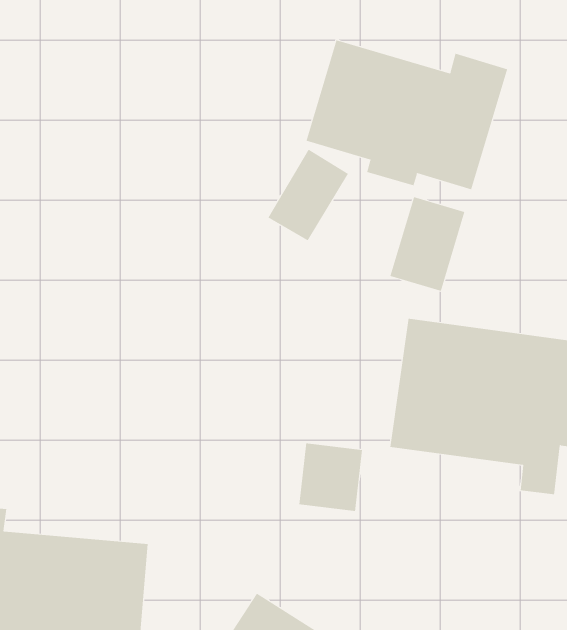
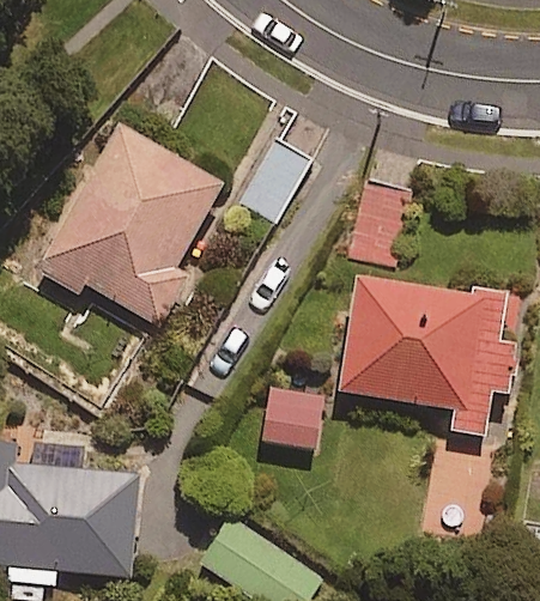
building: [306,39,508,190] -> none
building: none -> [38,128,222,326]

